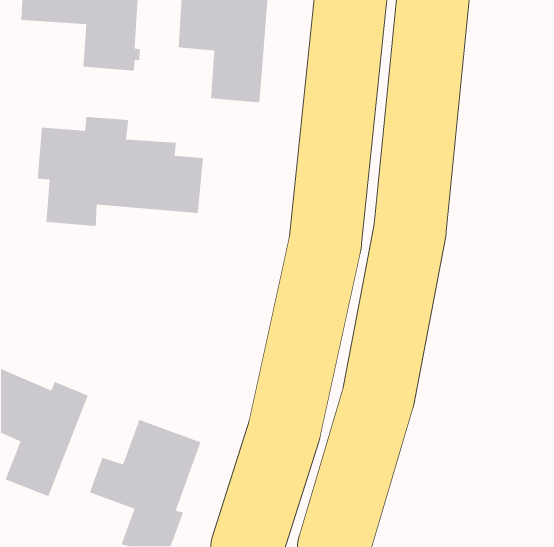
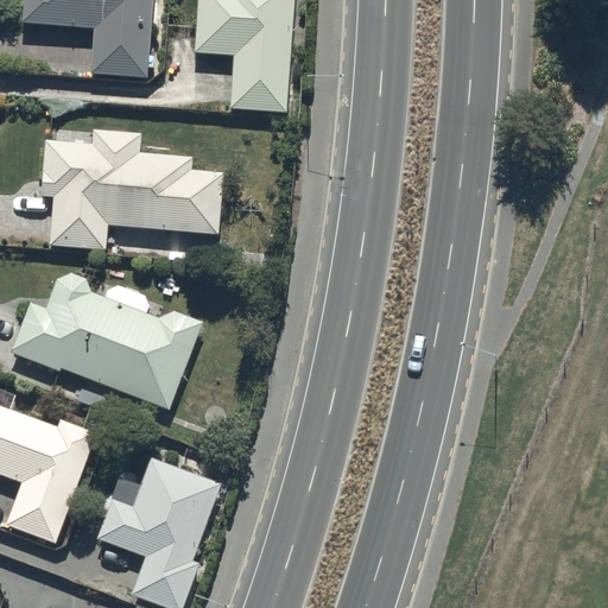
building: none -> [11,272,202,408]

